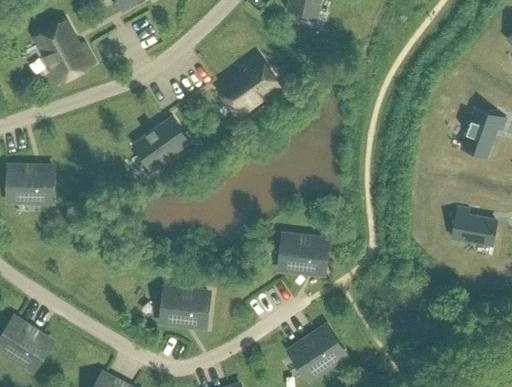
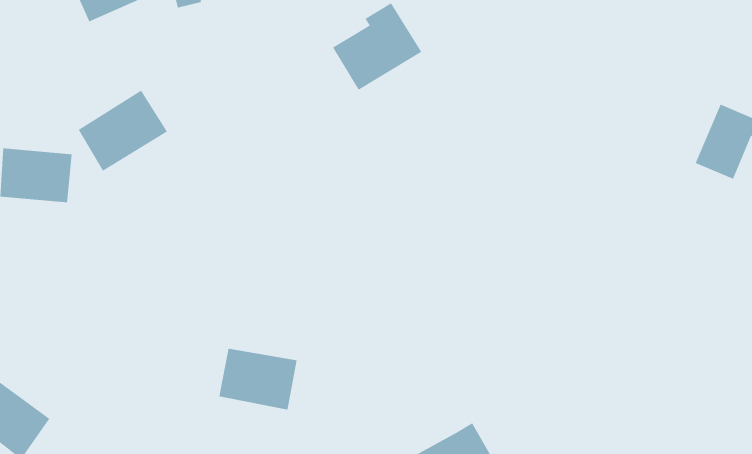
building: [132,115,191,170] -> [78,90,168,171]
building: [452,206,497,245] -> none
building: [279,235,328,272] -> none

